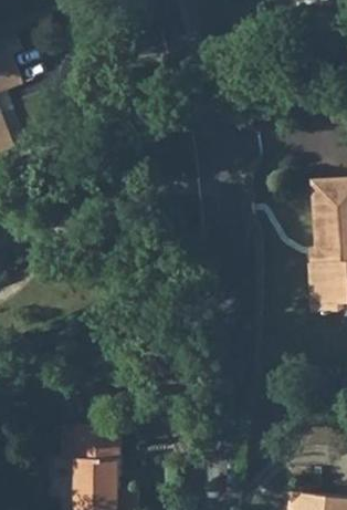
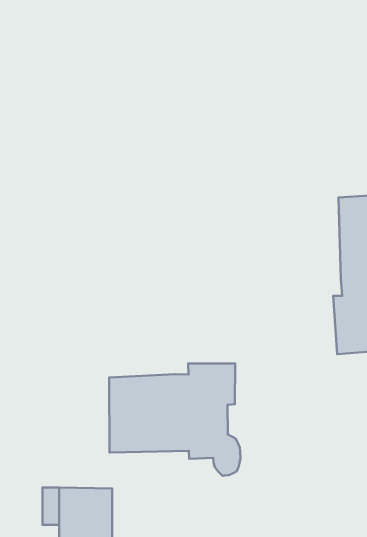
building: none -> [109,364,240,476]

